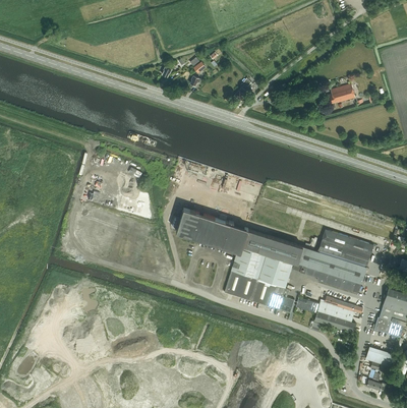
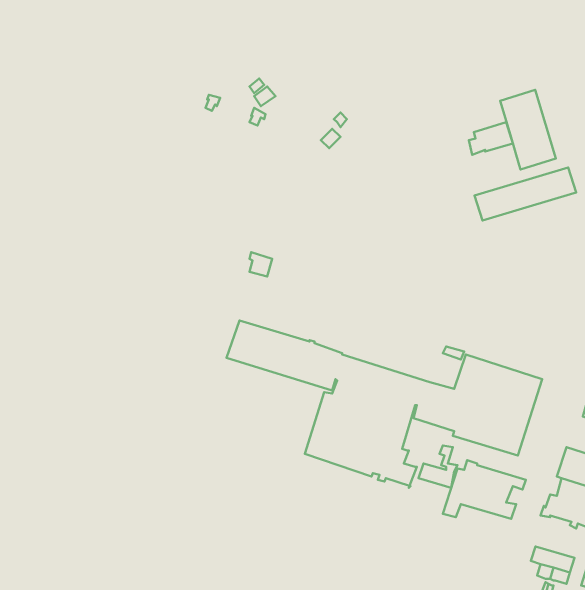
building: none -> [500,90,556,169]
building: none -> [474,167,576,220]

